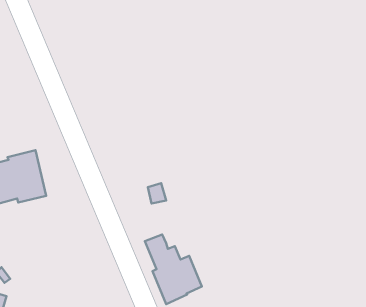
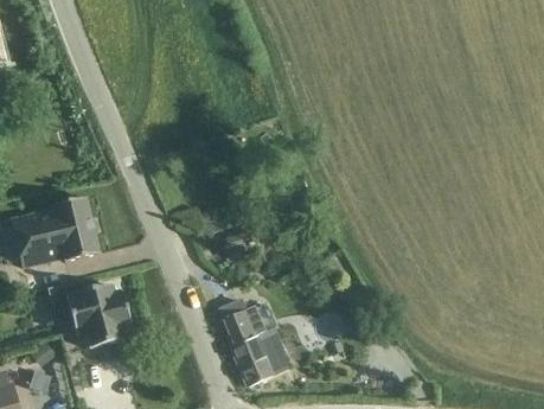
building: none -> [66,283,132,347]

